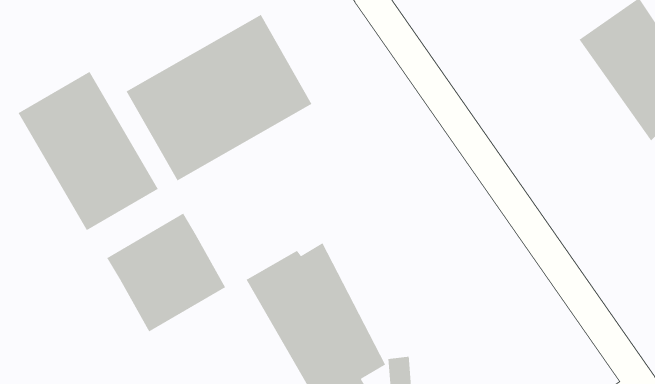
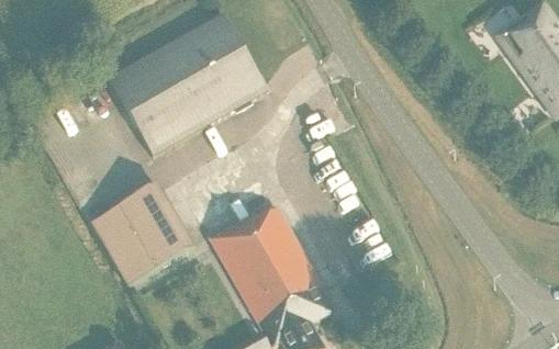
building: [18,71,159,231] -> none

